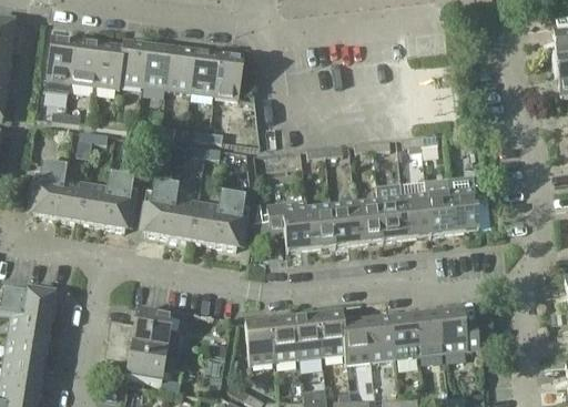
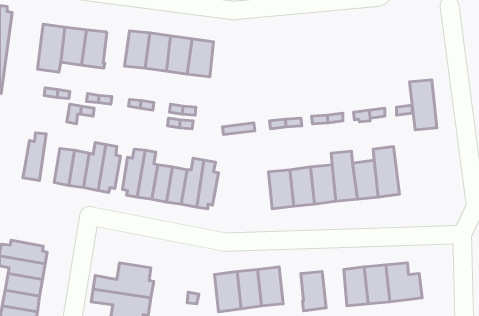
building: [119,42,149,85] -> none
building: [47,162,70,217] -> none
building: [448,174,479,231] -> [409,80,437,130]
building: [252,199,311,250] -> none
building: [318,309,346,355] -> none
building: [367,316,395,359] -> none

